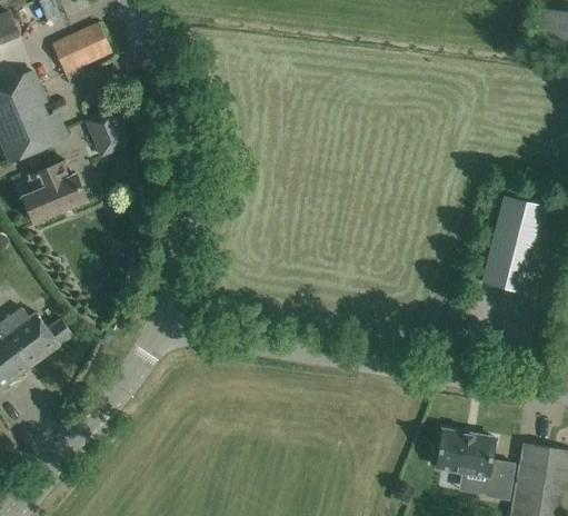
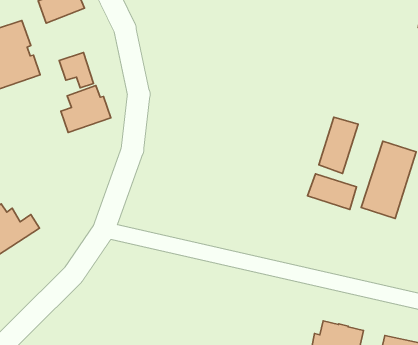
building: [22,161,87,224] -> [61,86,111,133]
building: none -> [319,117,358,173]
building: none -> [308,174,357,210]

